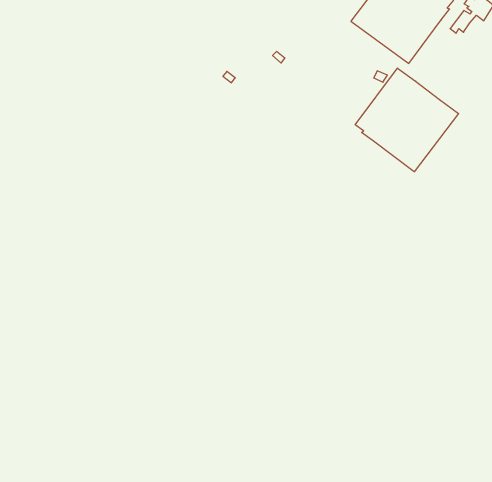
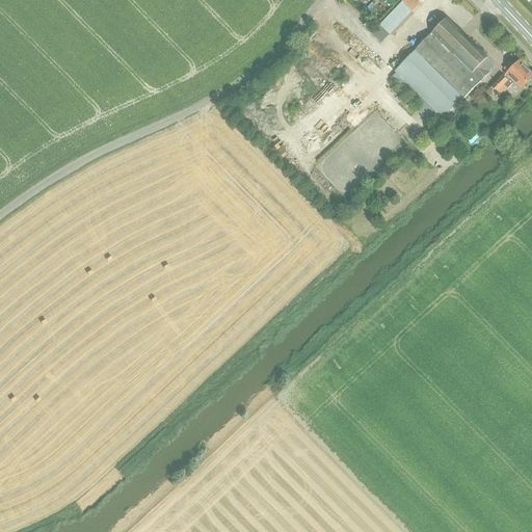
building: [355,68,459,172] -> none

